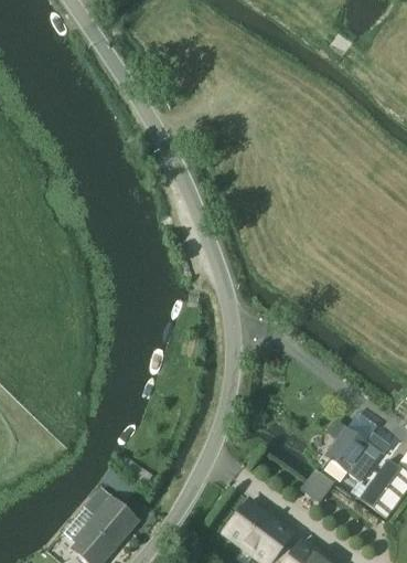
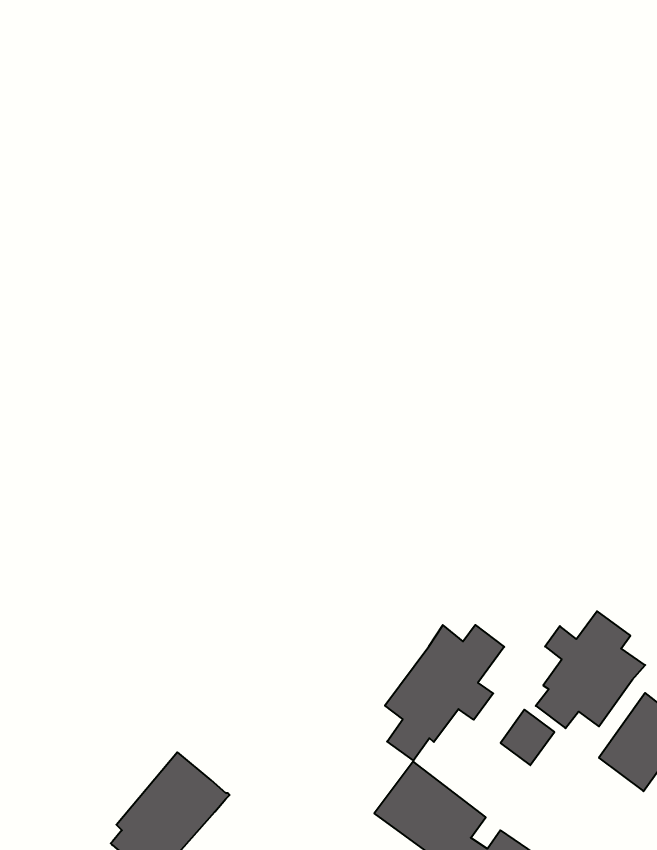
building: none -> [385,625,504,761]

